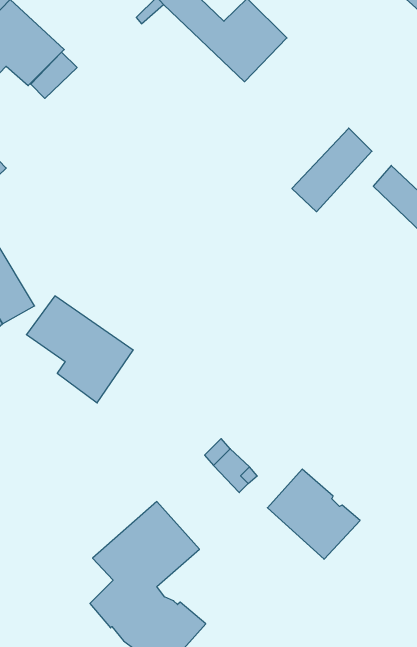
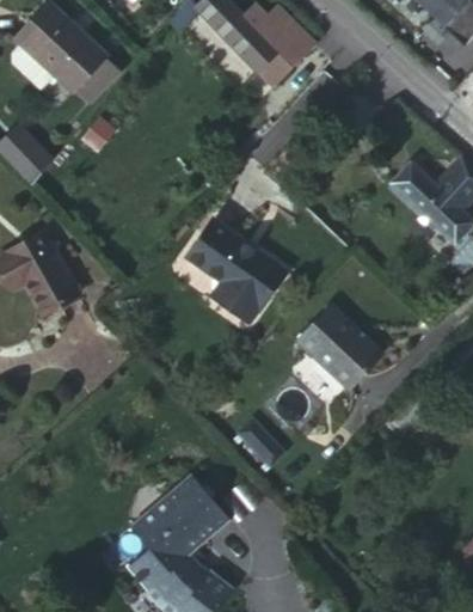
building: [292,128,372,212] -> none
building: [26,296,133,403] -> [189,221,288,320]
building: [267,469,360,559] -> [300,308,386,392]

